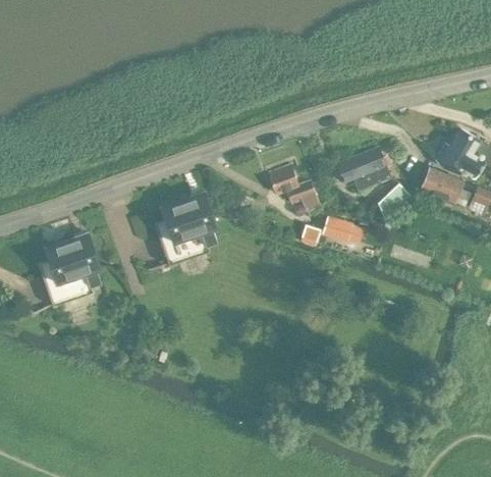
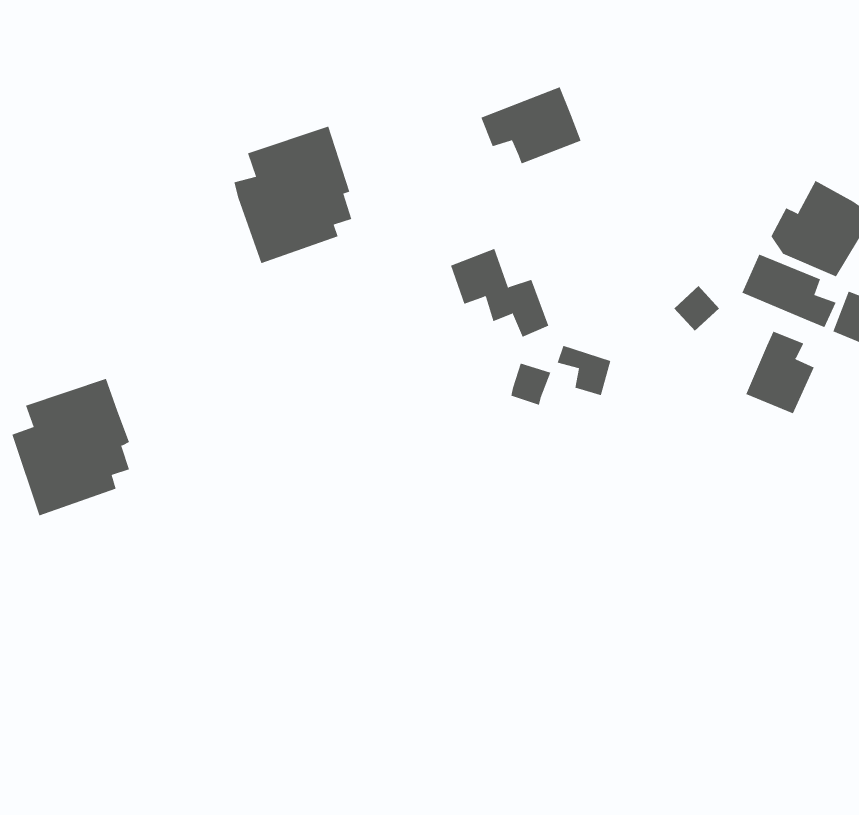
building: [337,148,390,189] -> [480,87,581,164]
building: [154,191,216,263] -> [234,126,352,264]
building: none -> [745,331,814,414]

